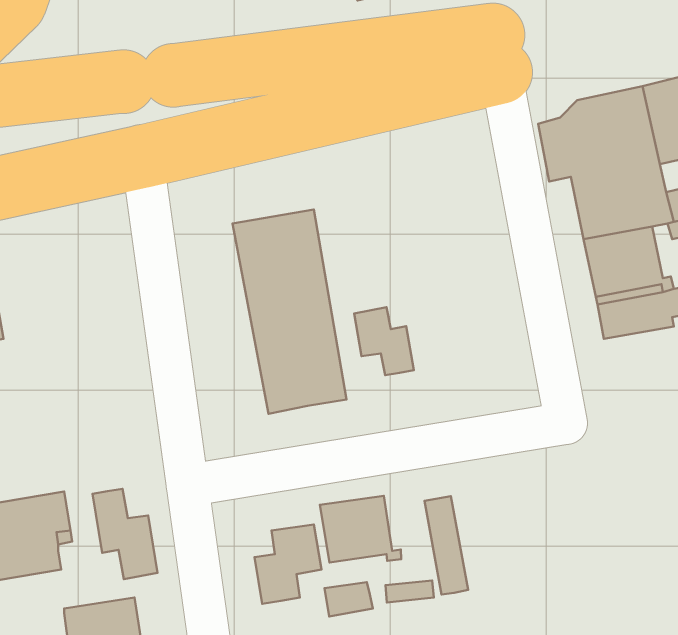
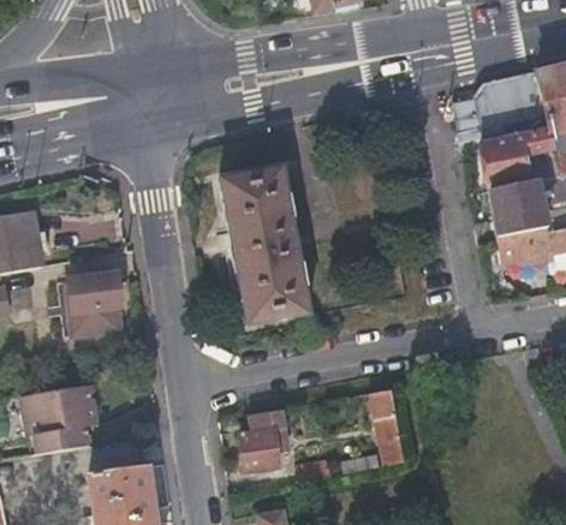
building: [354,307,414,375] -> none
building: none -> [70,273,125,335]
building: [92,489,157,579] -> none
building: [320,496,401,562] -> none

